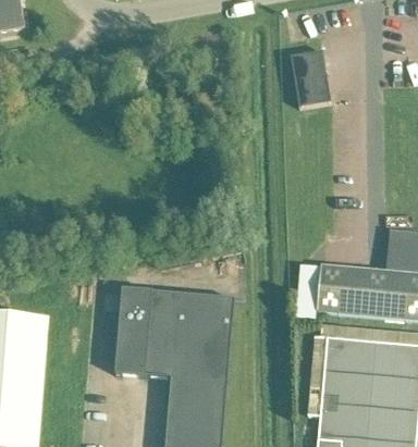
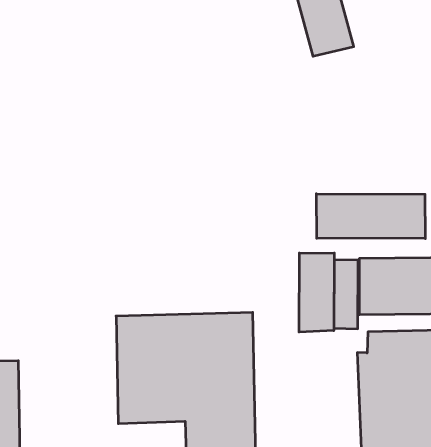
building: none -> [316,194,425,239]
building: none -> [299,253,334,332]

